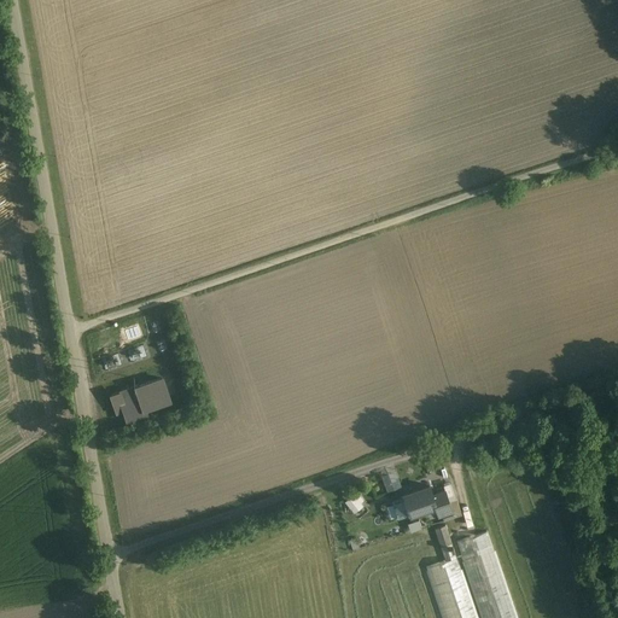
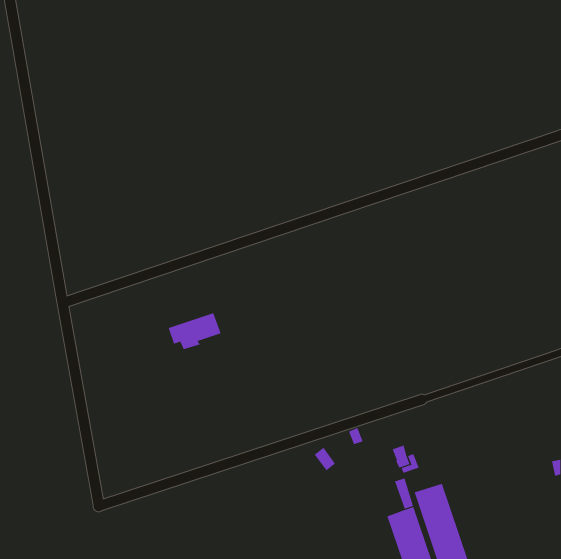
building: [110,380,169,421] -> [168,313,222,350]
building: [403,488,436,517] -> none

